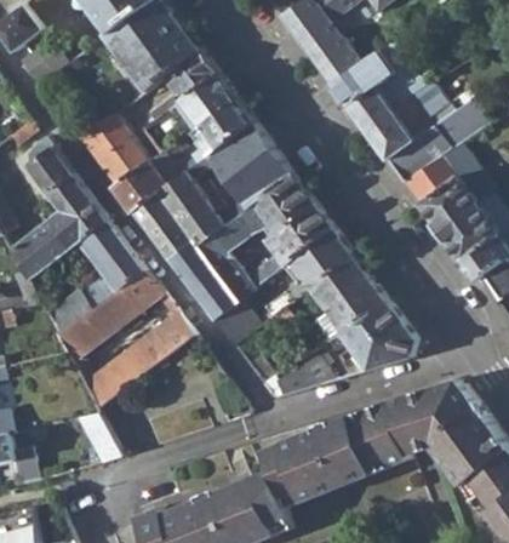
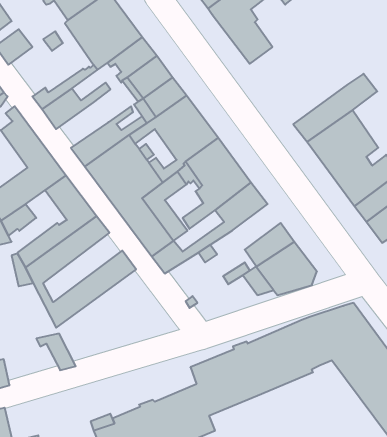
building: [331,47,451,158] -> none
building: [93,131,158,187] -> none
building: [309,256,368,311] -> none
building: [264,353,331,396] -> none

